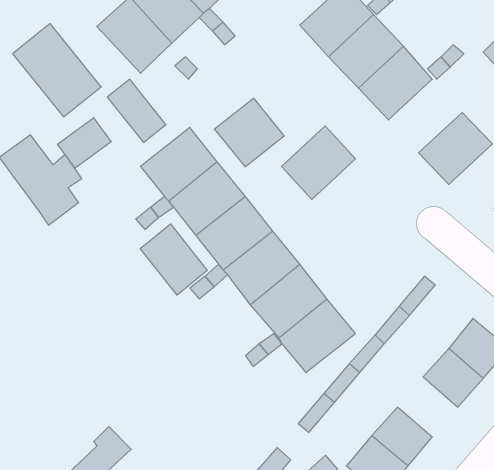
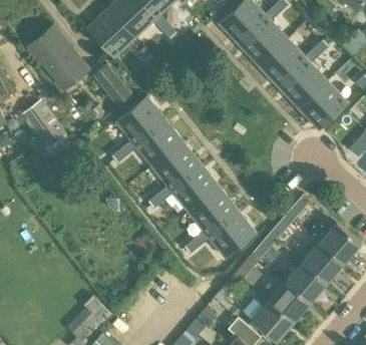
building: [215,98,284,167] -> none
building: [57,118,111,168] -> none
building: [282,126,355,200] -> [280,63,329,112]
building: [140,224,207,295] -> none
building: none -> [286,262,326,302]

